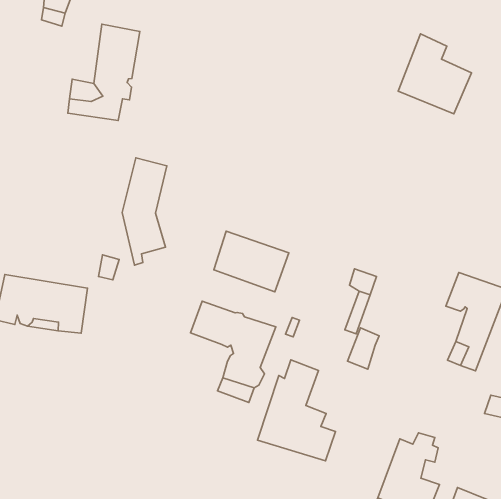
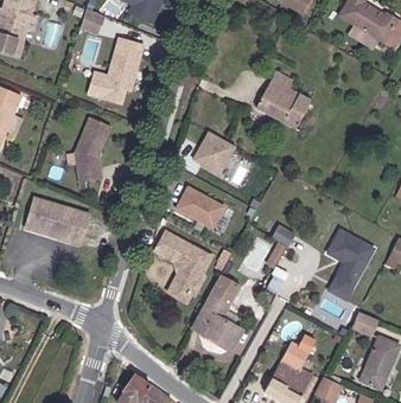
building: [398,34,471,114] -> [253,66,304,123]
building: none -> [191,133,235,177]
building: [122,158,167,265] -> [75,115,109,187]

